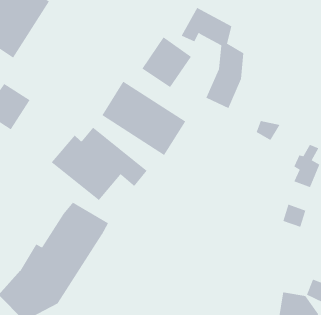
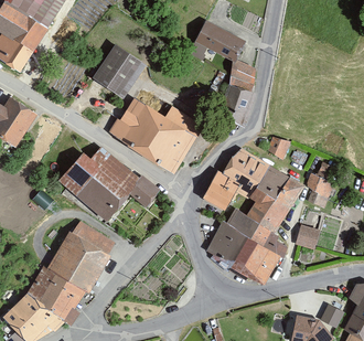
building: [142,37,192,88] -> [93,45,144,98]
building: none -> [204,149,304,284]

